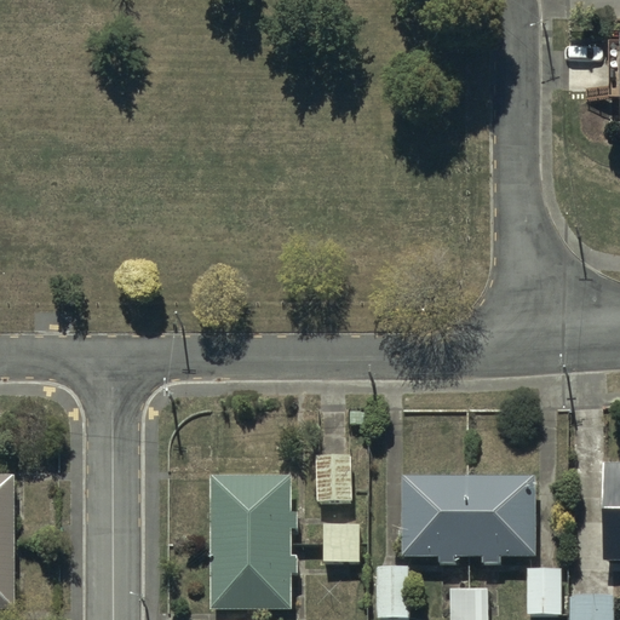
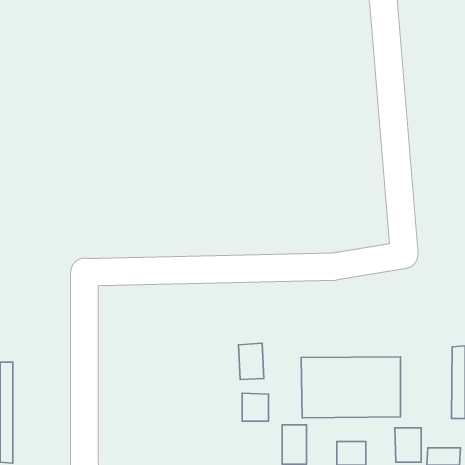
building: [209,472,289,608] -> none

